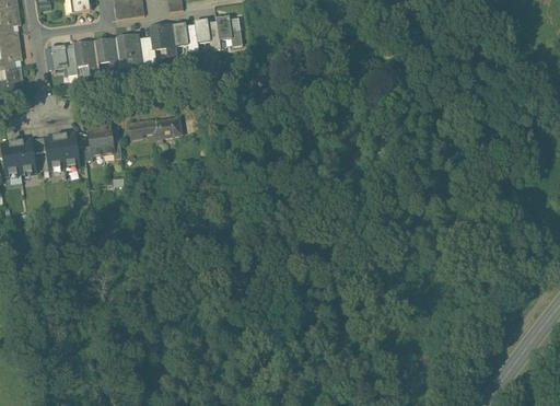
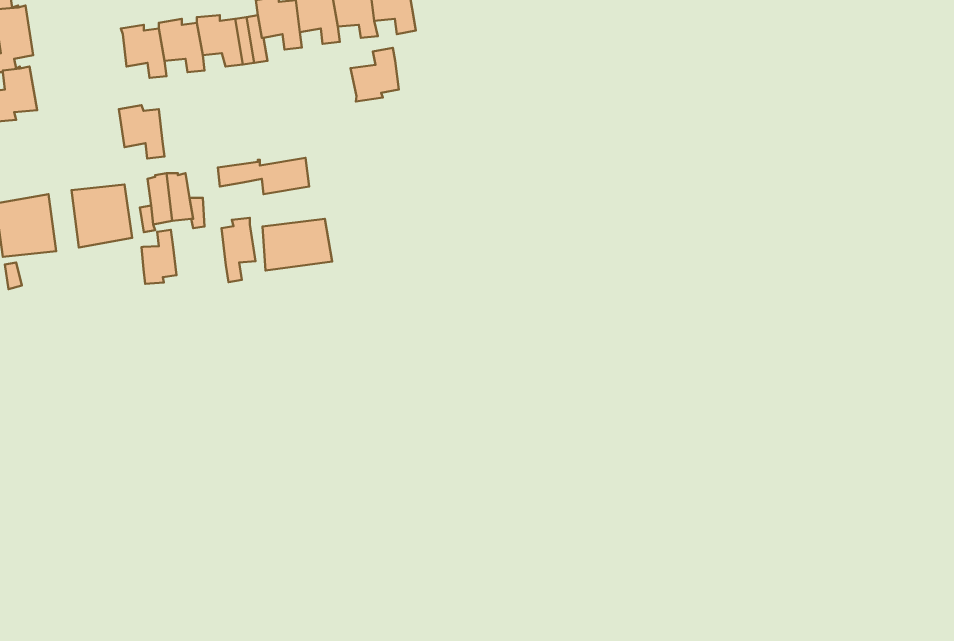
building: [50,44,77,74] -> [119,105,164,158]
building: none -> [351,48,399,101]
building: none -> [222,218,256,282]
building: none -> [262,219,332,271]
building: none -> [142,230,177,284]

